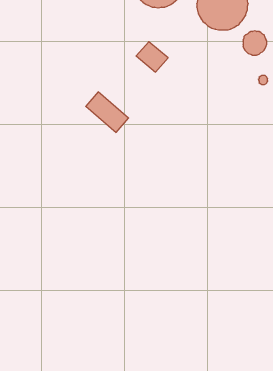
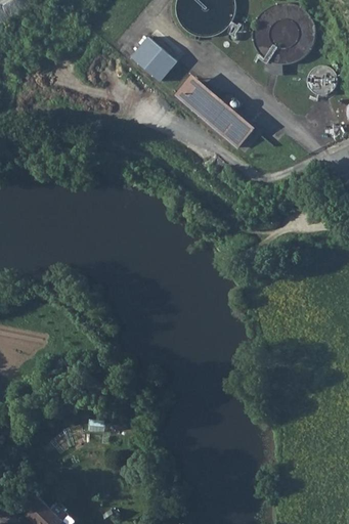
building: none -> [132,36,178,80]
building: [86,92,129,132] -> [202,97,254,146]

